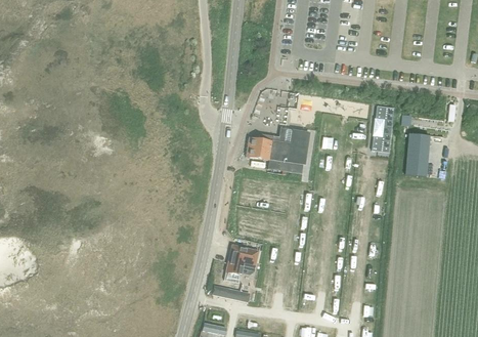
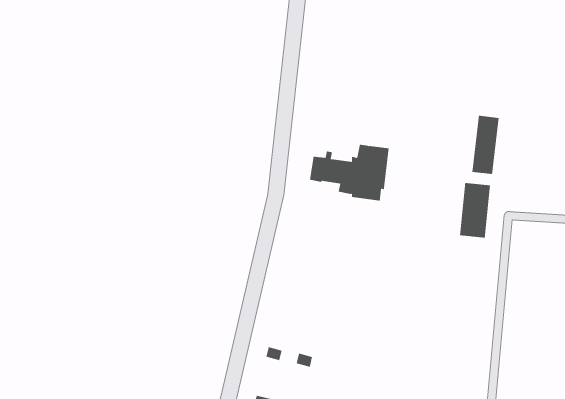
building: [405,133,430,176] -> [459,183,491,238]
building: [226,246,257,275] -> none

